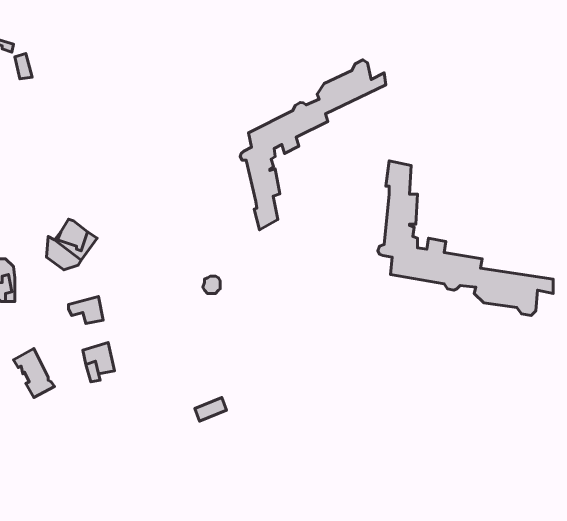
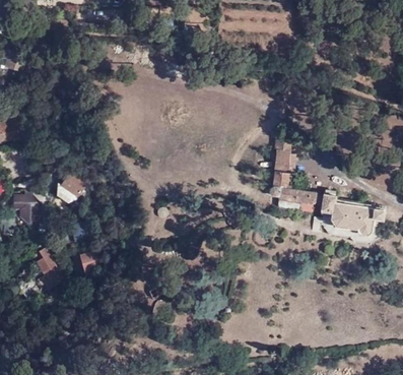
building: [240,60,386,230] -> none

